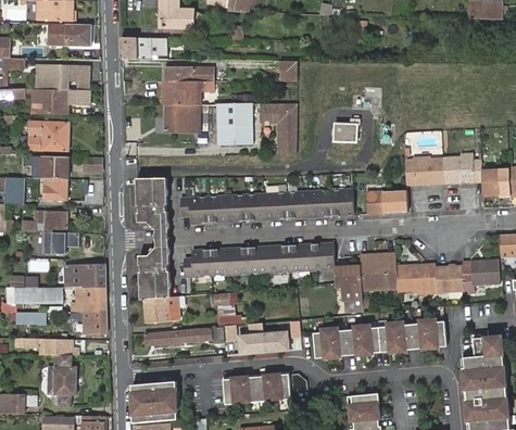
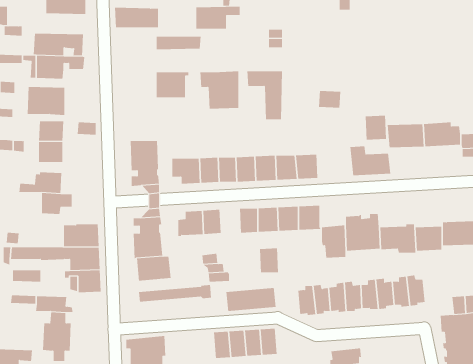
building: [164,81,211,105] -> [196,6,240,29]
building: [332,190,355,216] -> [365,115,387,140]
building: [231,248,252,274] -> [259,248,279,273]

